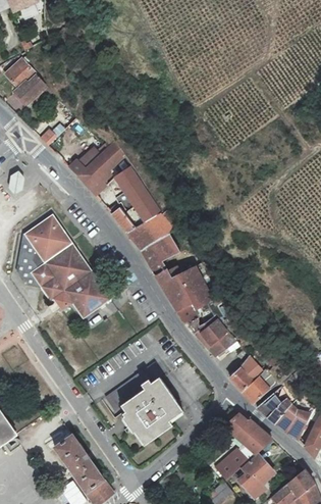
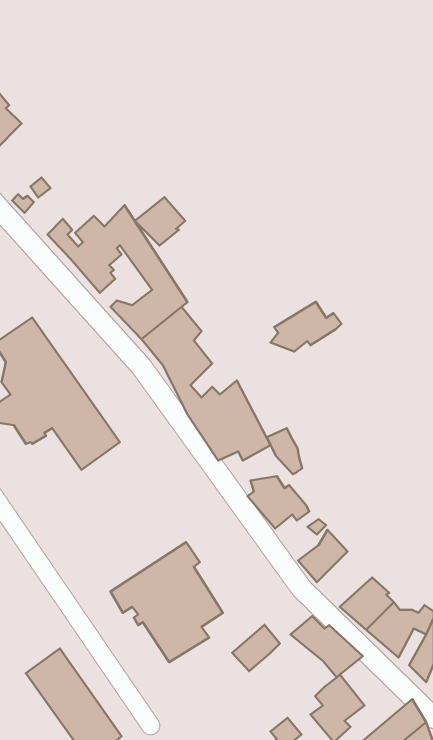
building: none -> [135,197,185,246]
building: none -> [270,302,342,351]
building: [177,305,201,336] -> [267,428,302,474]
building: [243,368,279,404] -> none
building: [216,449,248,480] -> [232,625,280,671]

